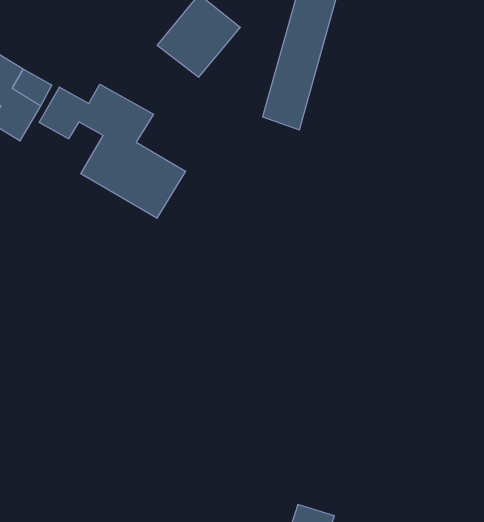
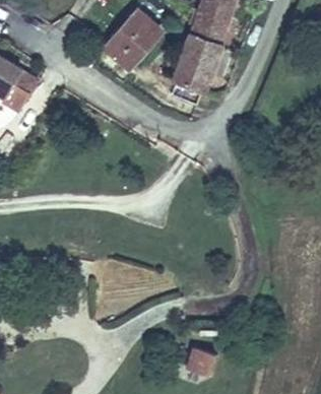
building: [39,84,185,218] -> none

